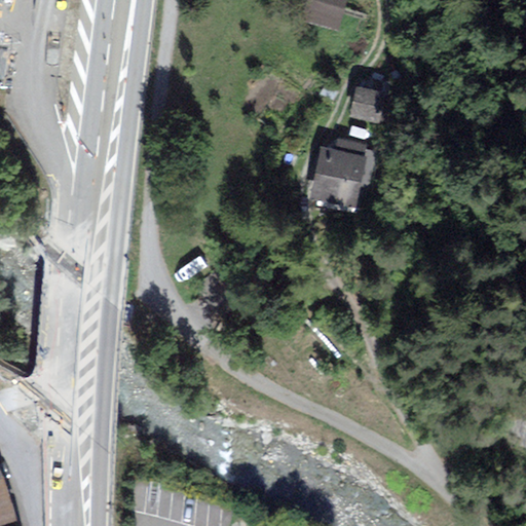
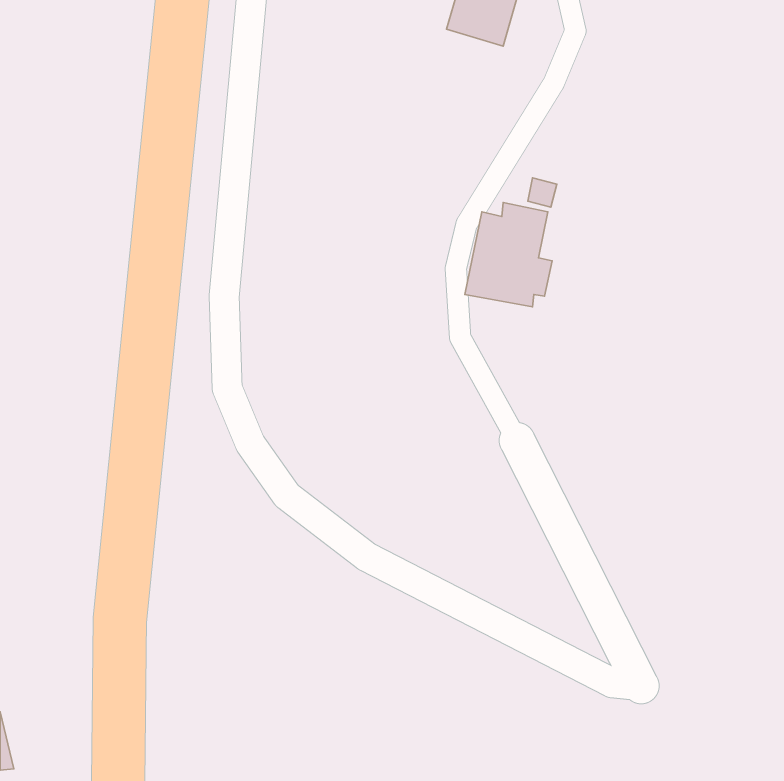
building: [351,84,384,118] -> none

